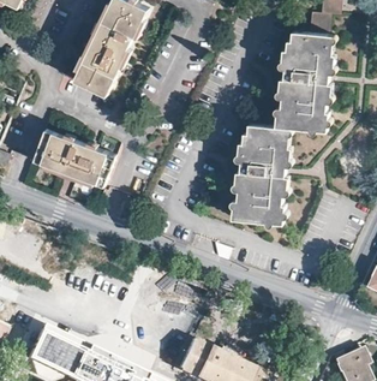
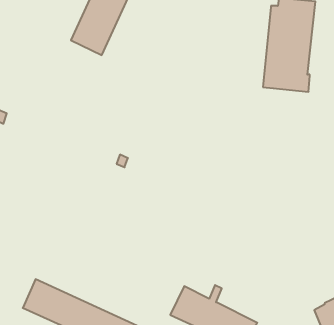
building: [234,125,289,226] -> none
building: [34,129,116,186] -> none

